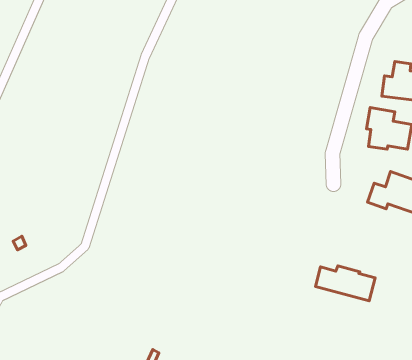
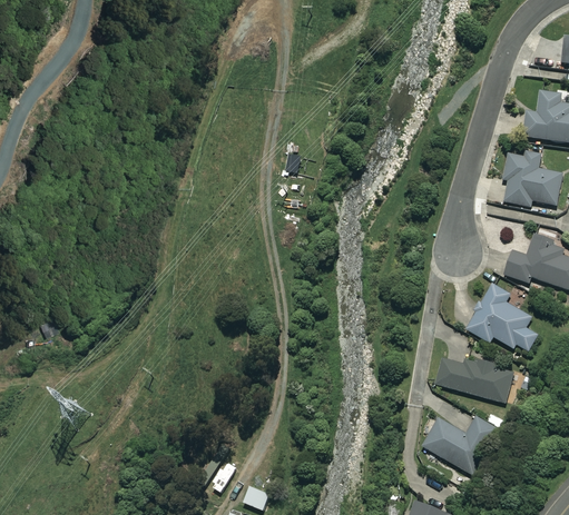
building: none -> [464,283,538,350]
building: none -> [421,415,499,475]

